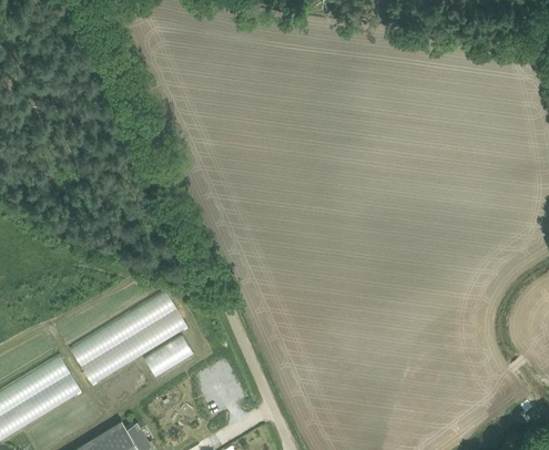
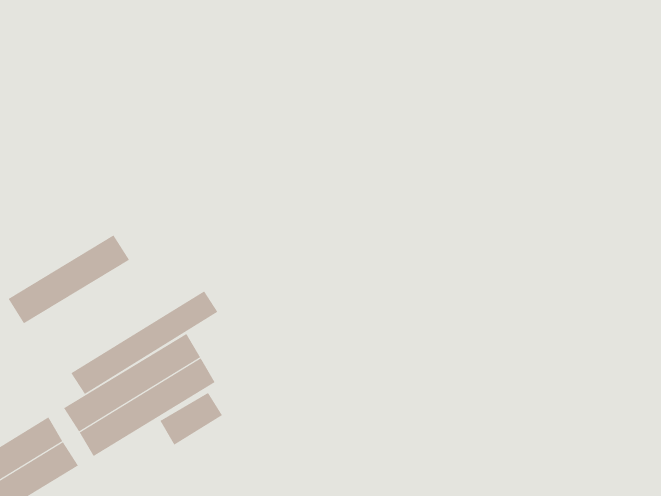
building: none -> [8,234,130,324]
building: none -> [71,290,218,395]

